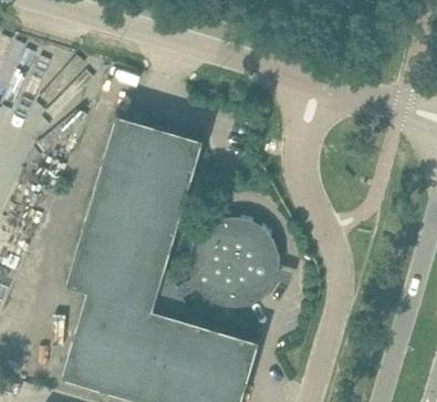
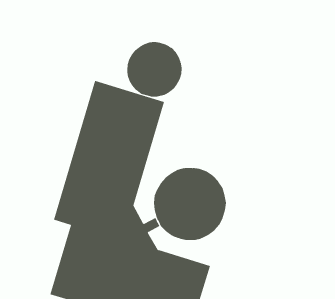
building: none -> [127,41,182,98]

